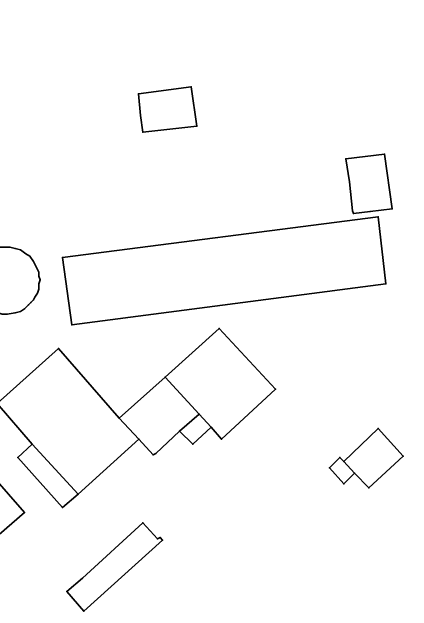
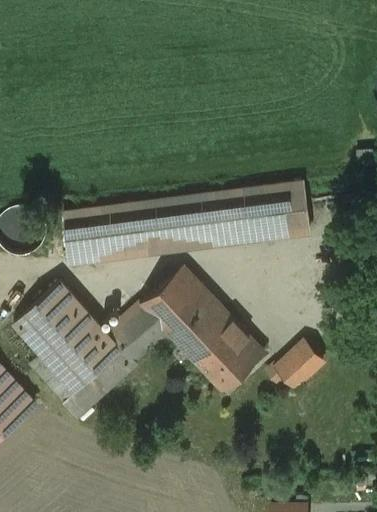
building: [139,87,197,132] -> none
building: [346,154,392,213] -> none
building: none -> [185,312,264,390]
building: [67,523,163,611] -> [64,350,137,417]

